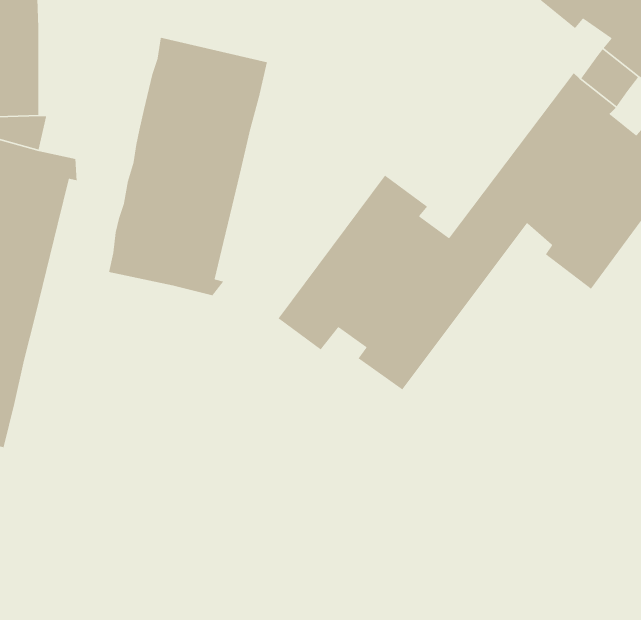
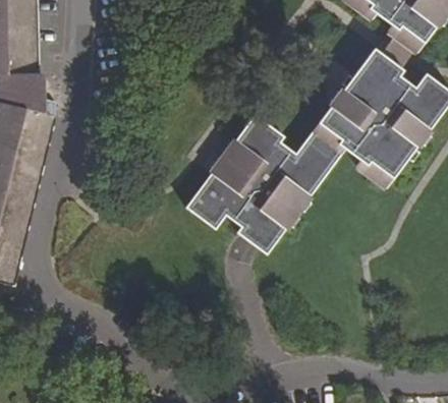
building: [108,37,268,296] -> none

